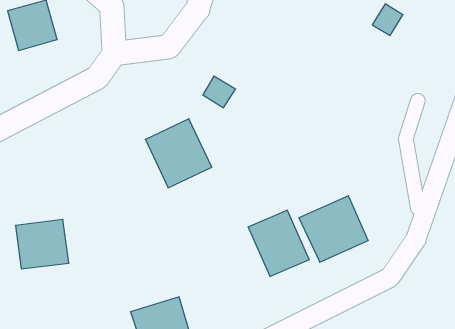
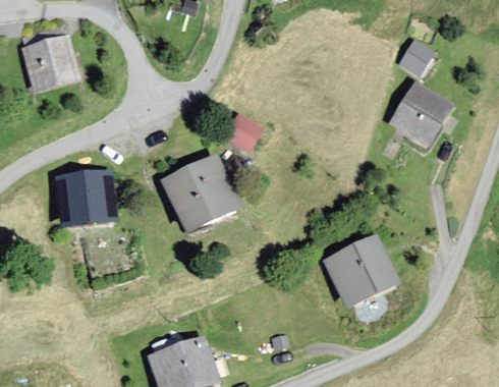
building: none -> [392,84,450,142]
building: [248,210,309,277] -> none
building: [15,219,69,269] -> [57,172,112,223]

